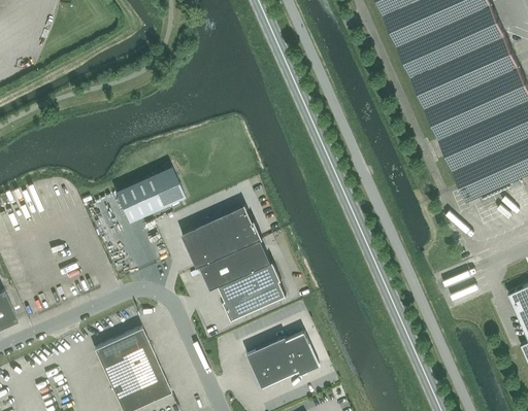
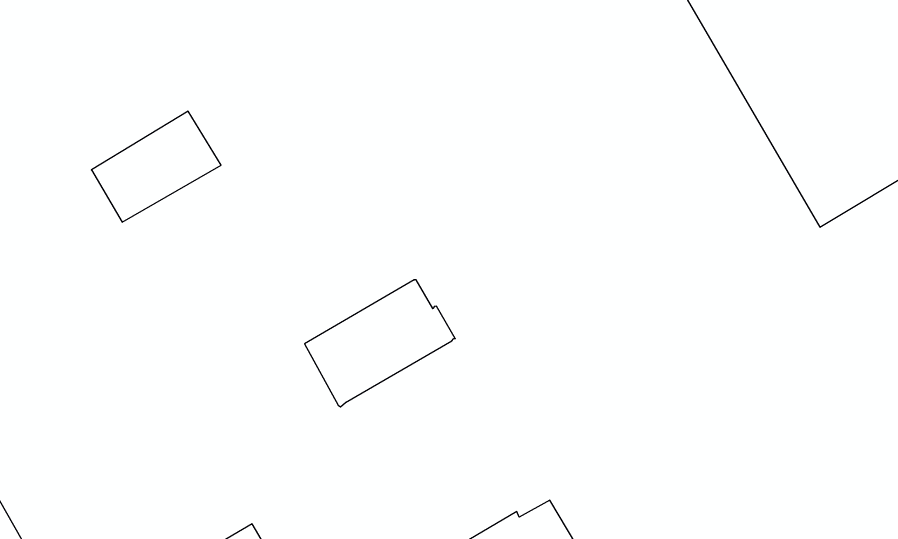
building: [114,167,185,222] -> [91,111,221,222]
building: [199,241,285,321] -> none

